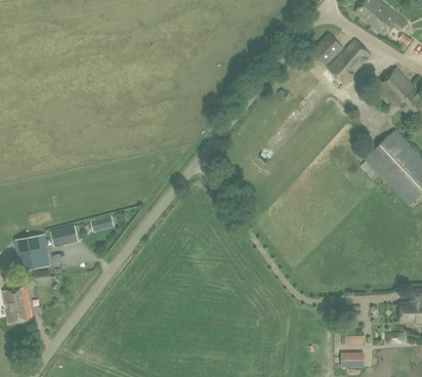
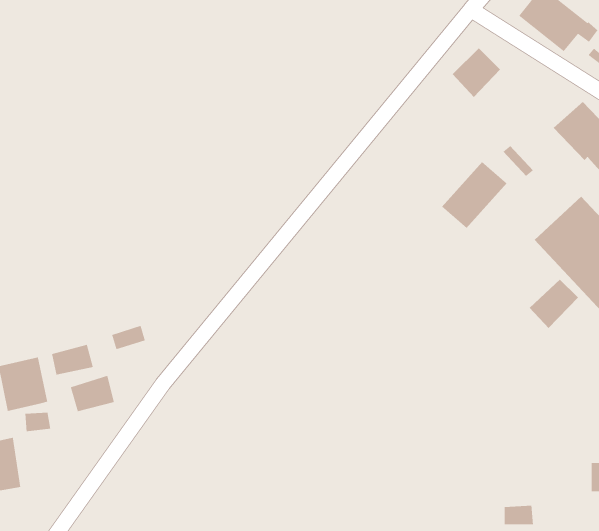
building: [328,39,371,83] -> [441,161,507,229]
building: none -> [529,279,579,329]
building: none -> [70,375,115,412]

